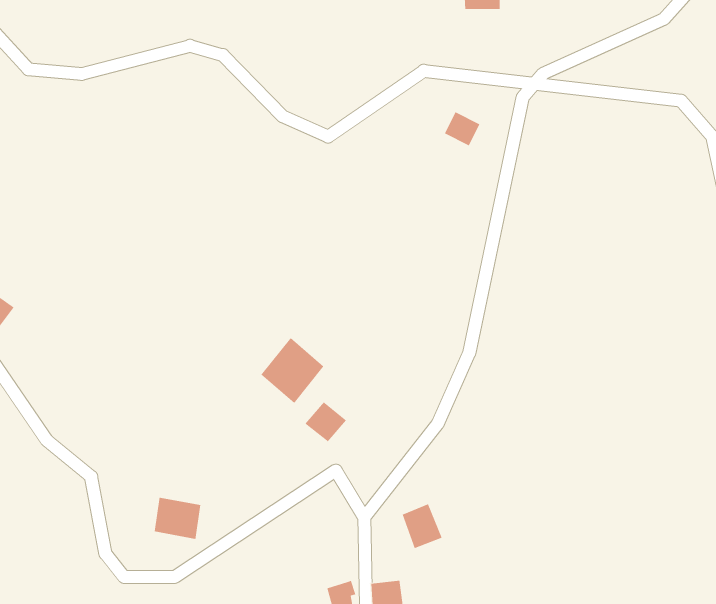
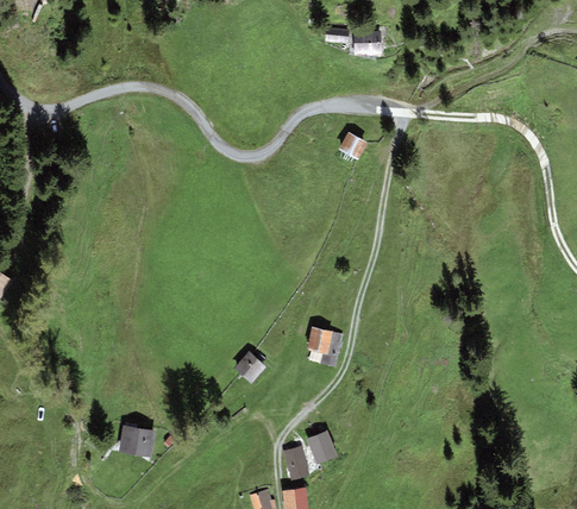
building: [261,337,324,404] -> none
building: none -> [307,326,343,354]
building: none -> [283,445,311,480]

